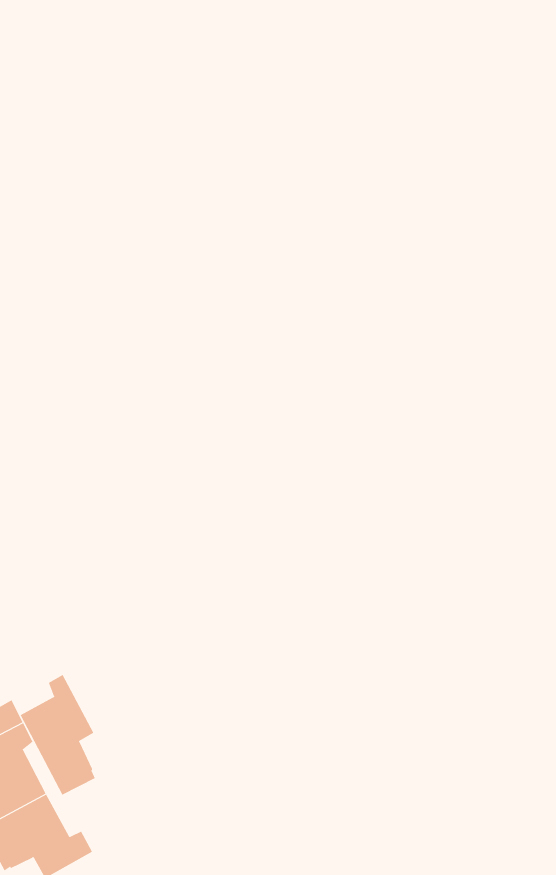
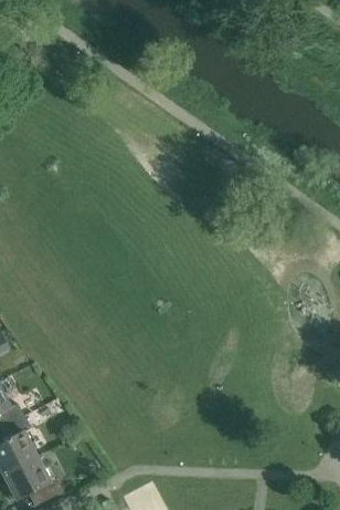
building: [20,674,96,795] -> none

